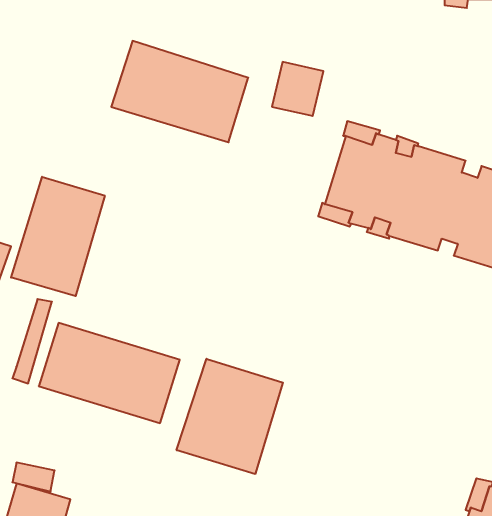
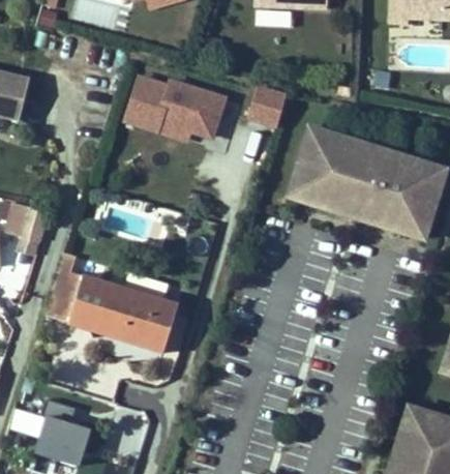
building: [11,177,105,296] -> none
building: [177,359,283,474] -> none

